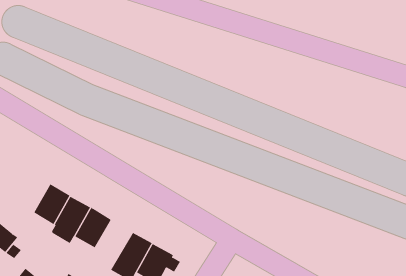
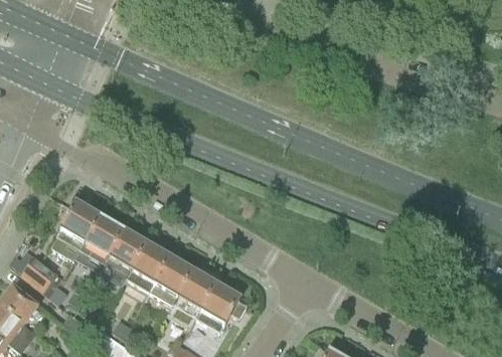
building: none -> [51,203,99,260]
building: none -> [149,256,192,305]

